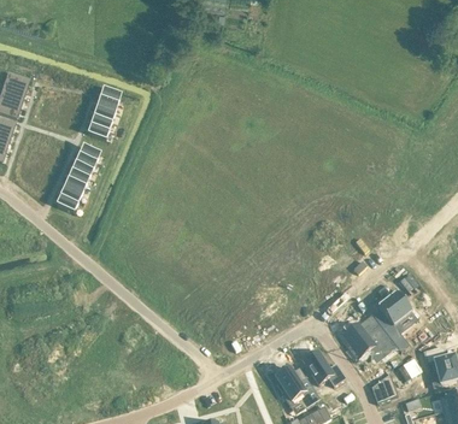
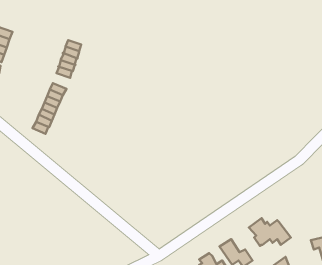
building: [378,292,412,352] -> none

